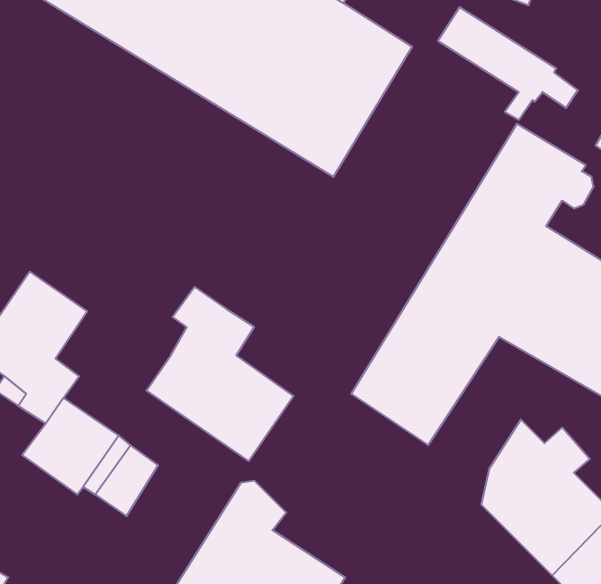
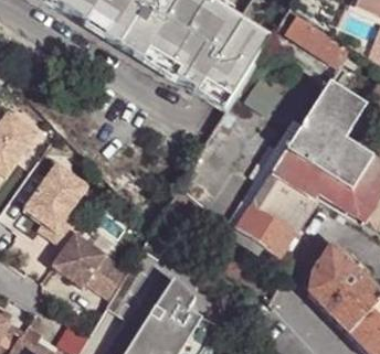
building: [146,287,294,461] -> none

